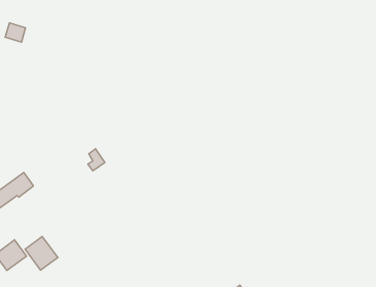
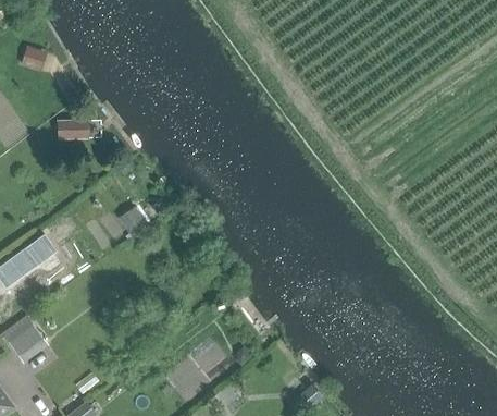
building: none -> [58,119,90,139]
building: [25,236,58,270] -> none

